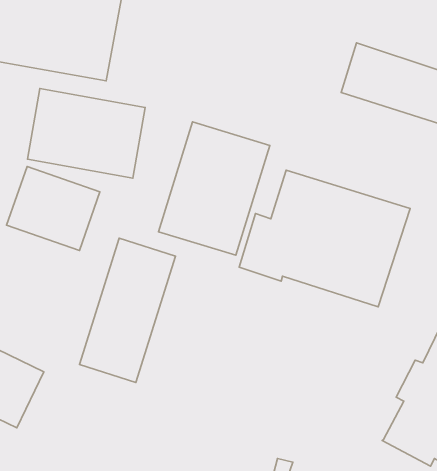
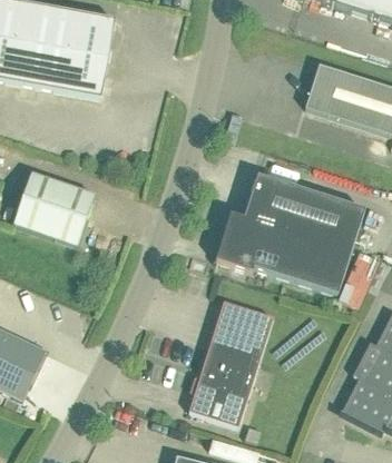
building: [27,89,145,178] -> none
building: [159,122,270,255] -> none
building: [80,238,175,382] -> [189,302,273,427]

